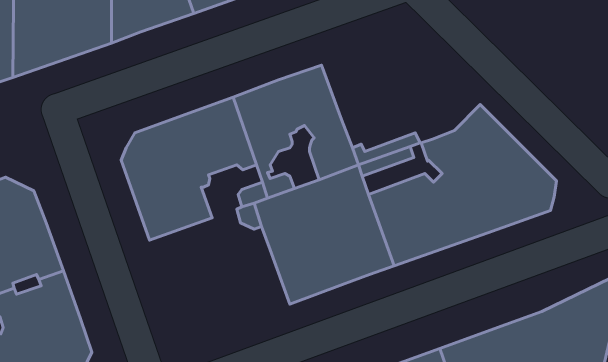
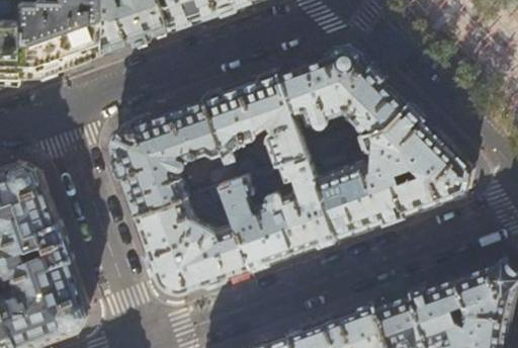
building: none -> [274,51,405,136]
building: none -> [133,200,248,295]

